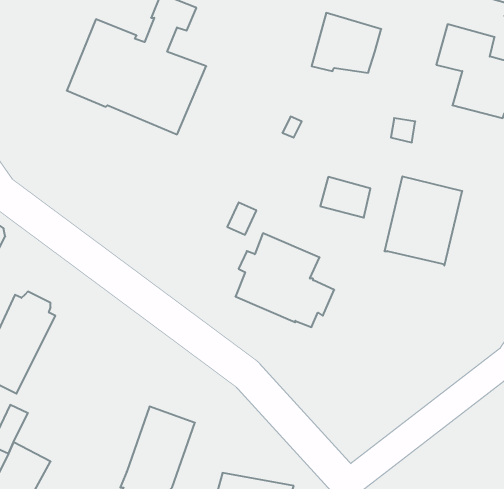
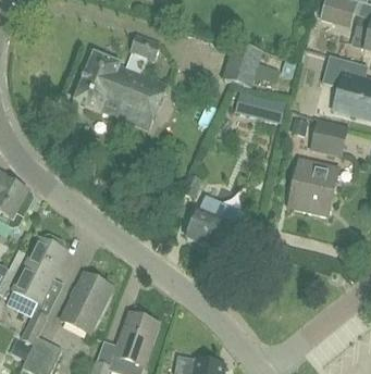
building: none -> [310,119,347,155]
building: [320,177,370,218] -> [250,95,284,122]
building: none -> [60,271,113,333]

